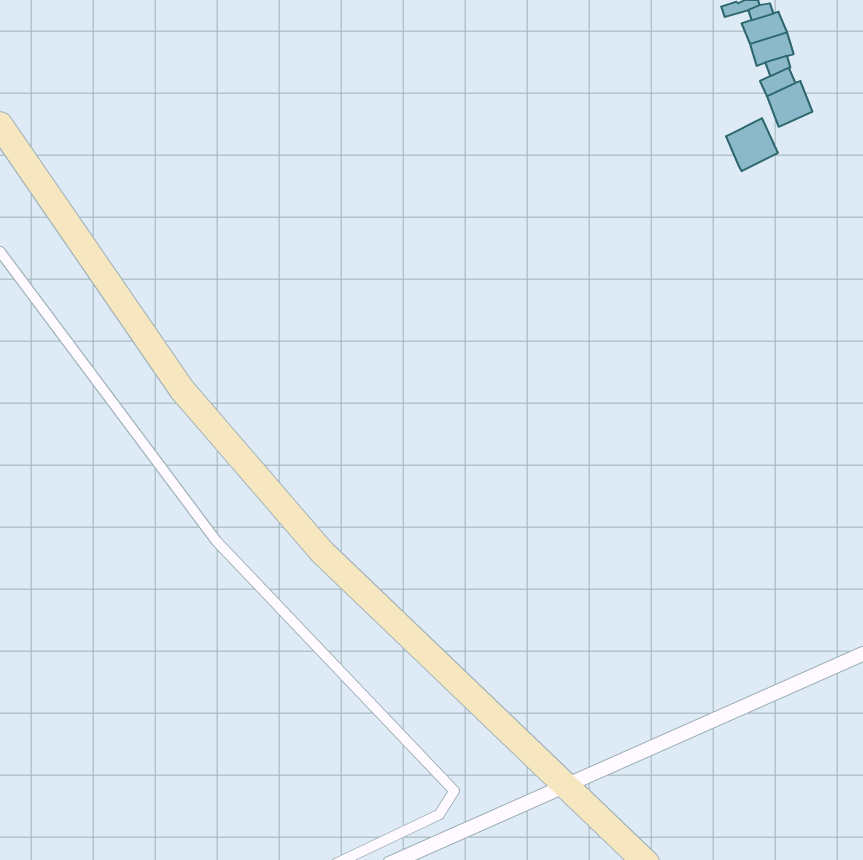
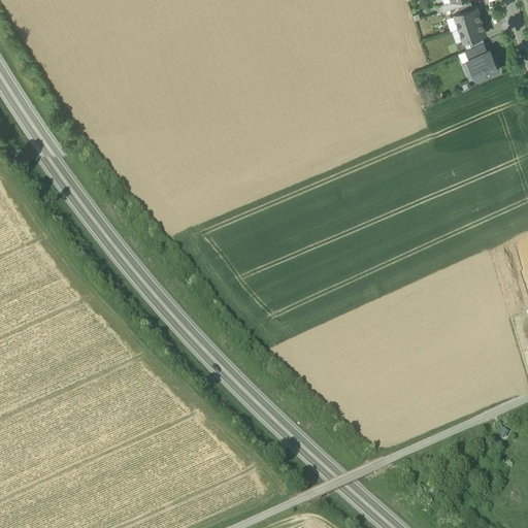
building: [726,118,778,171] -> none

